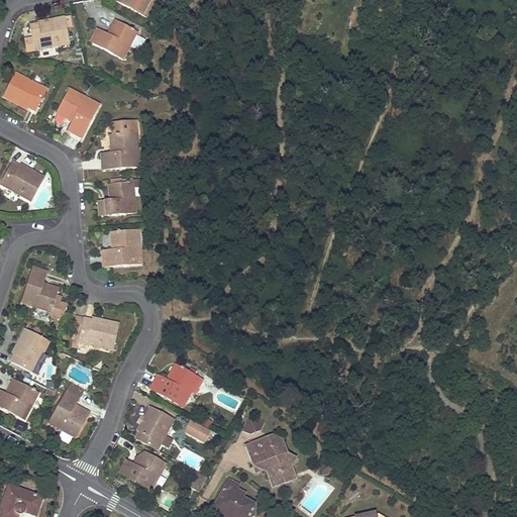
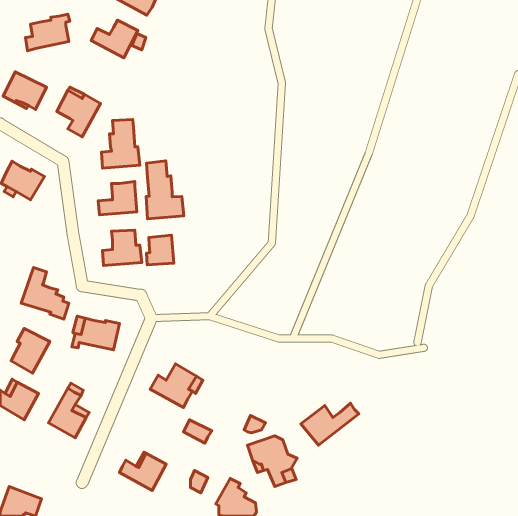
building: none -> [146,161,184,219]
building: none -> [146,235,174,265]
building: none -> [301,403,359,445]
building: [135,406,174,449] -> none

